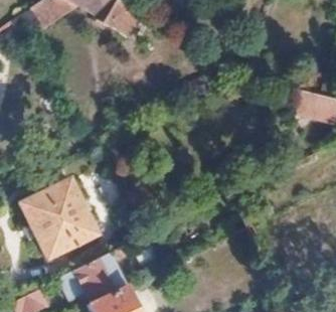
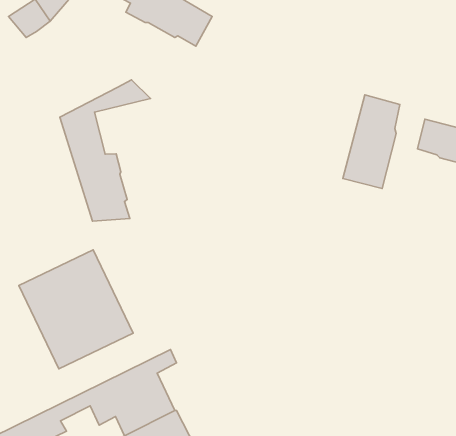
building: none -> [60,80,151,221]
building: none -> [343,95,400,188]

